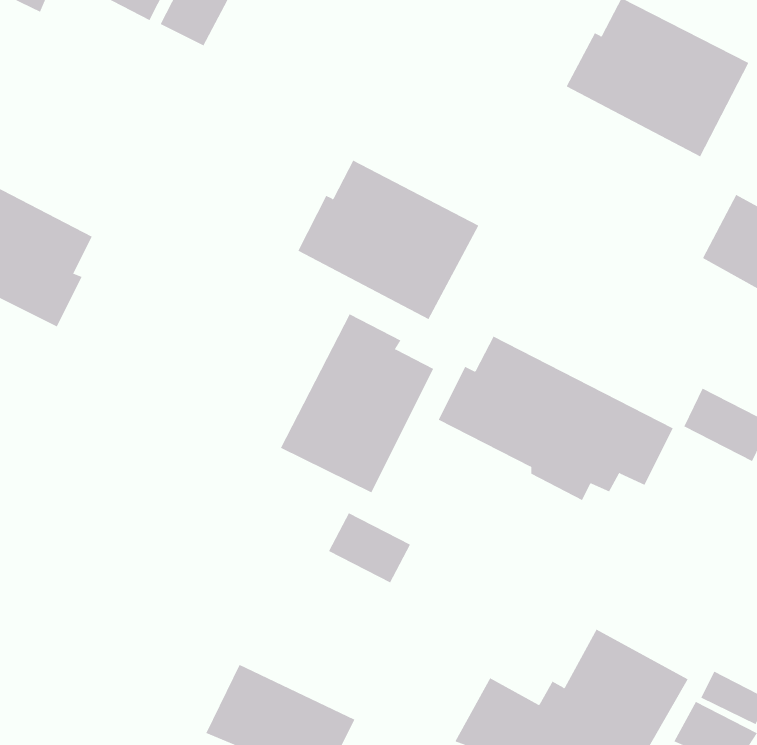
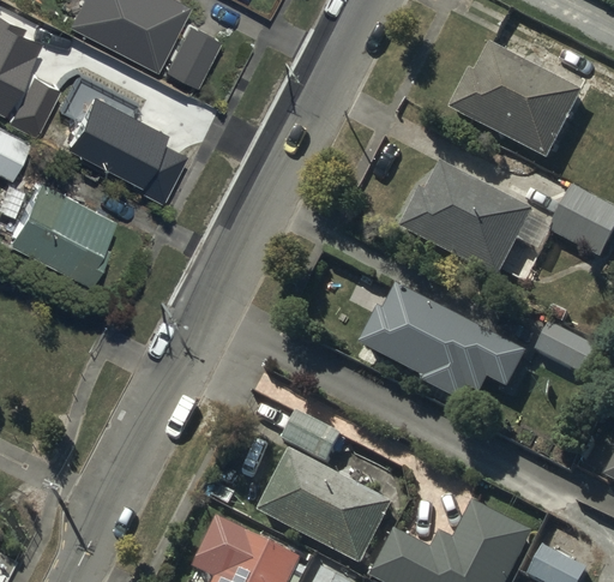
building: none -> [72,86,173,180]
building: [297,160,479,320] -> [401,163,530,277]
building: [280,313,434,493] -> none
building: none -> [257,450,392,565]

